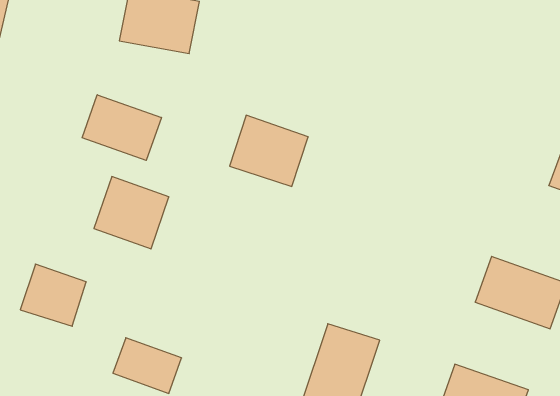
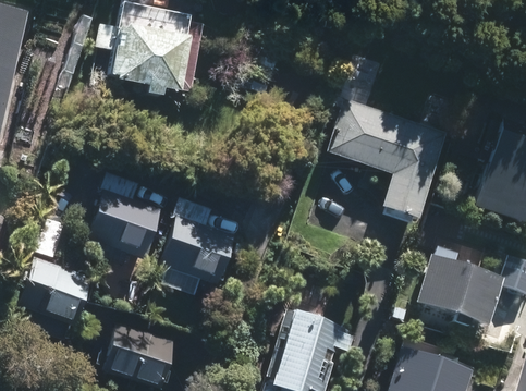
building: none -> [334,101,442,211]
building: [82,95,161,160] -> none
building: [230,115,308,186] -> [164,218,232,279]

